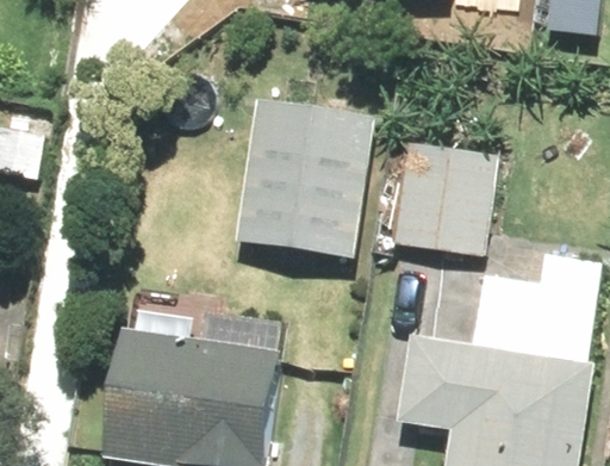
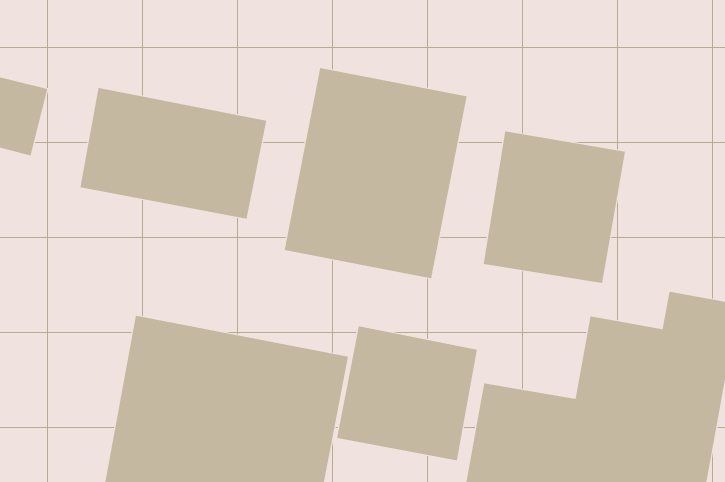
building: none -> [80,87,267,219]
building: none -> [336,326,477,461]

